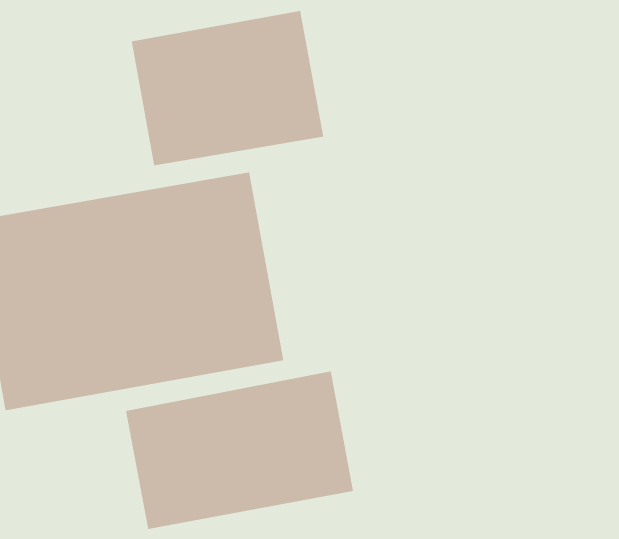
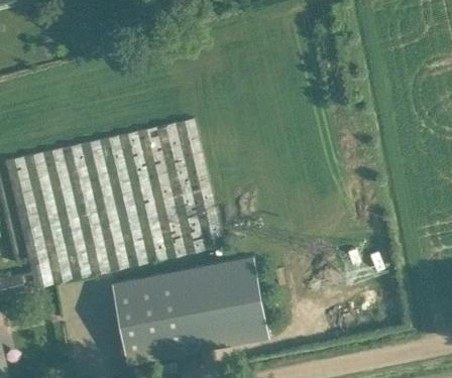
building: [131,10,324,166] -> none

